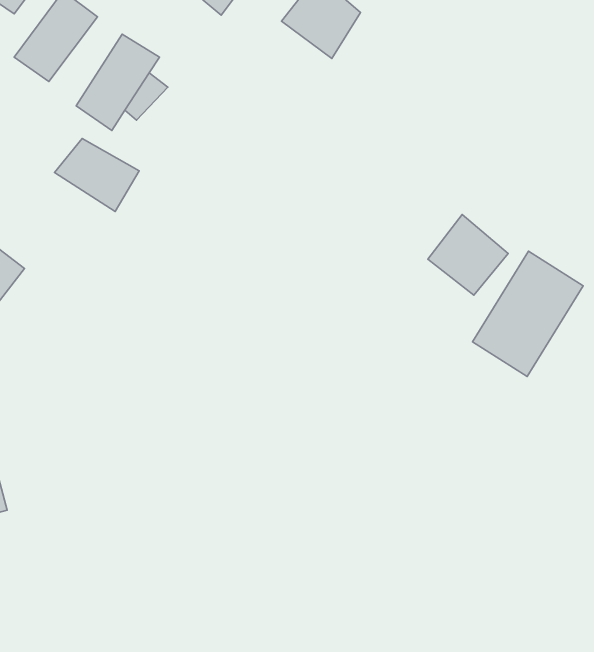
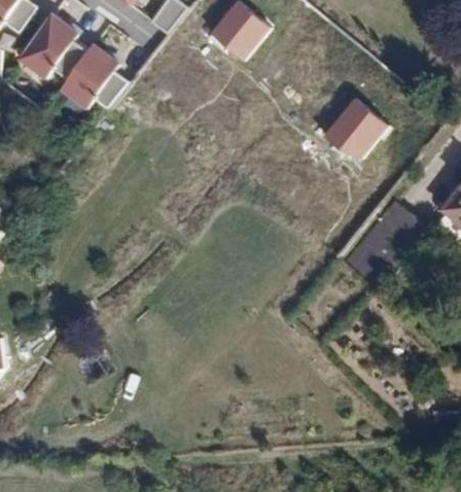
building: [54,138,139,211] -> none
building: [428,215,508,295] -> [325,100,383,157]

